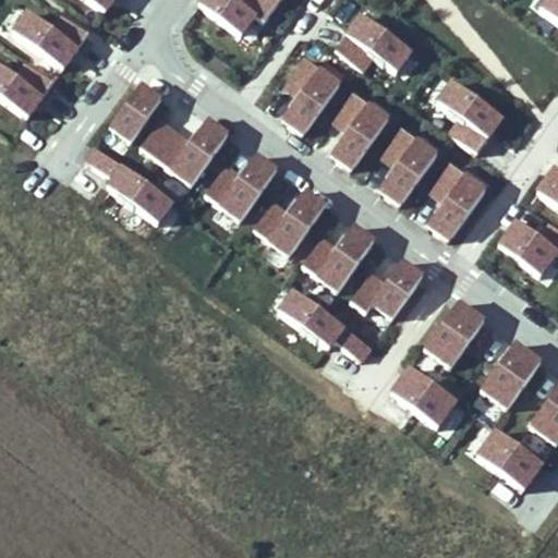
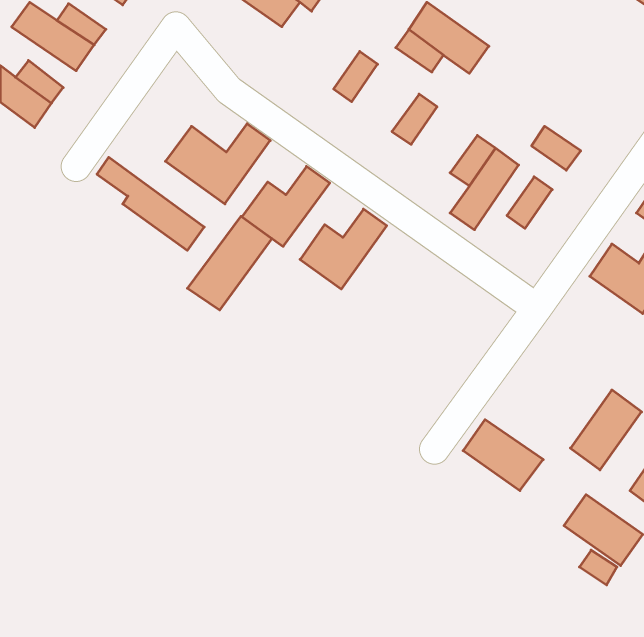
building: [281,65,341,135] -> none
building: [438,80,505,138] -> none
building: [108,85,160,143] -> none
building: [331,101,390,170] -> none
building: [428,171,487,240] -> none
building: none -> [187,216,272,310]
building: [301,223,375,291] -> none
building: [350,257,425,318] -> none
building: [277,288,374,361] -> none
building: [425,299,486,366] -> none

